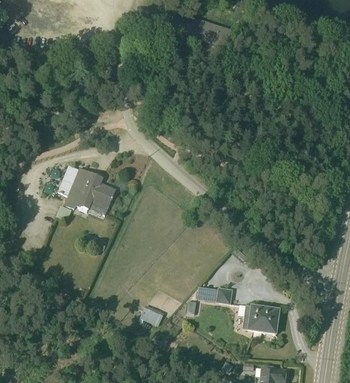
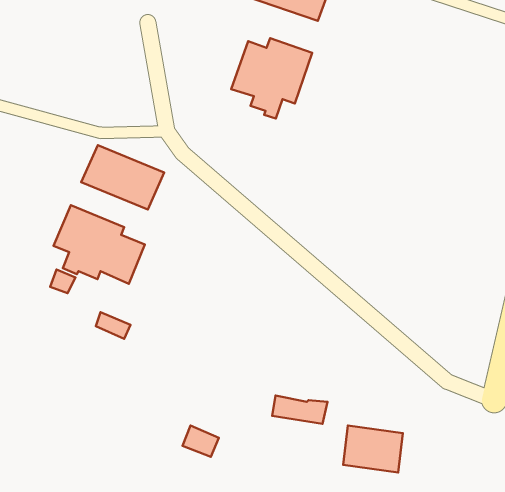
building: none -> [231,38,312,118]
building: none -> [81,145,164,209]

